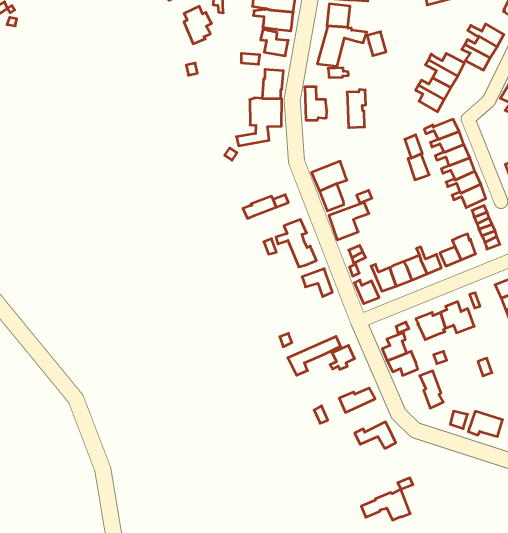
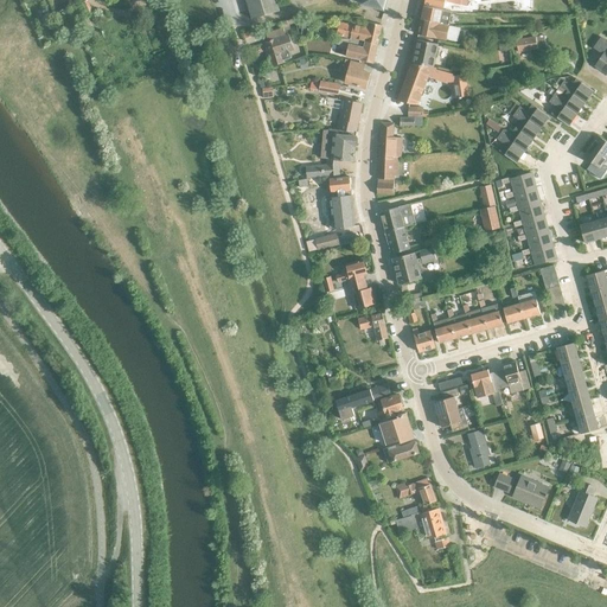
building: [347,90,366,128] -> [377,156,398,196]
building: none -> [326,177,354,225]
building: none -> [379,413,415,445]
building: [361,489,410,520] -> [396,507,446,538]

